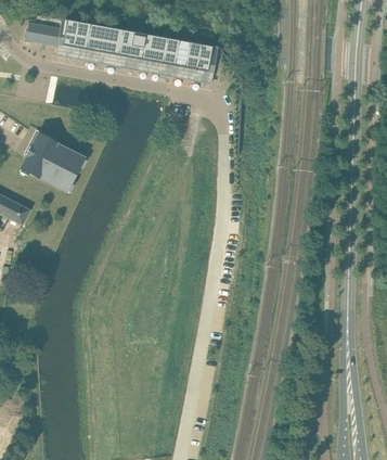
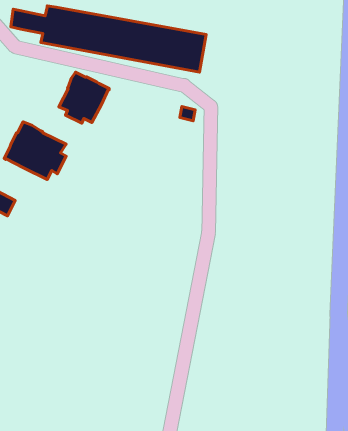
building: none -> [59,72,109,123]

